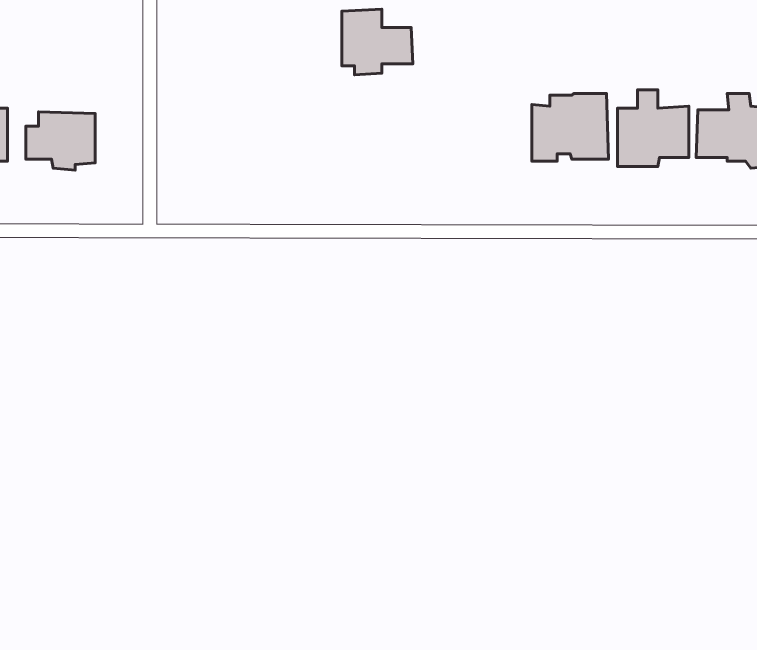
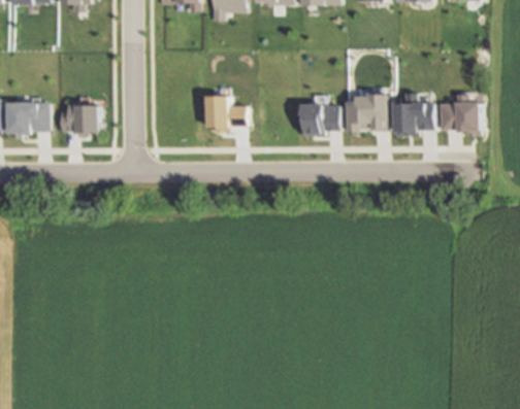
building: [342,9,413,75] -> [205,94,246,131]
building: none -> [299,102,337,135]

